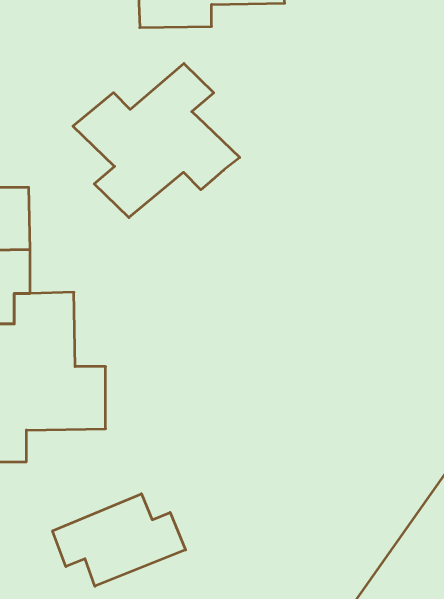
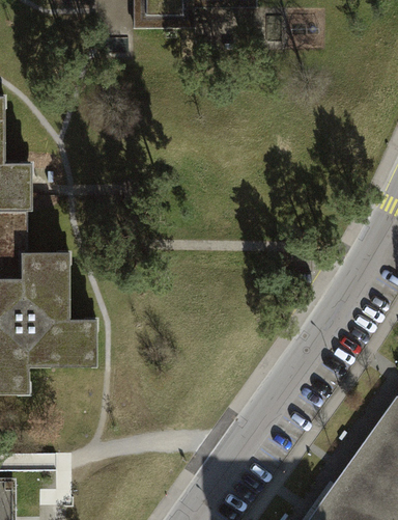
building: [73,63,240,218] -> none
building: [53,494,186,586] -> none

